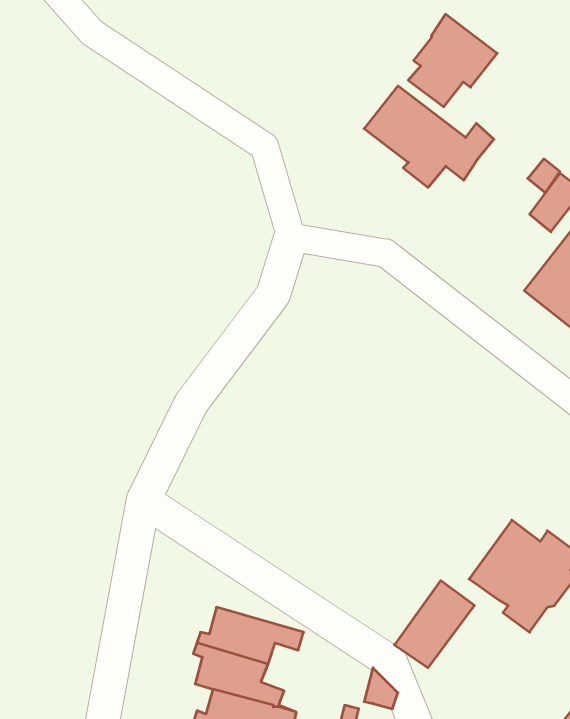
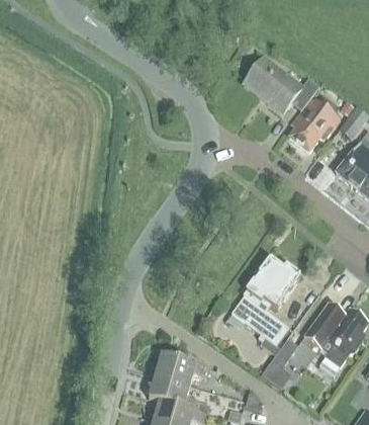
building: [408,14,497,107] -> [288,97,339,150]
building: none -> [230,260,299,353]

